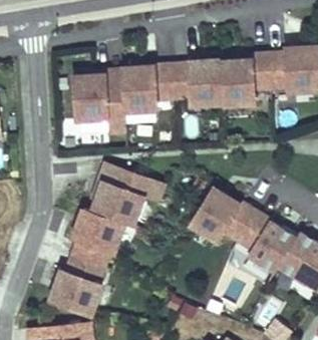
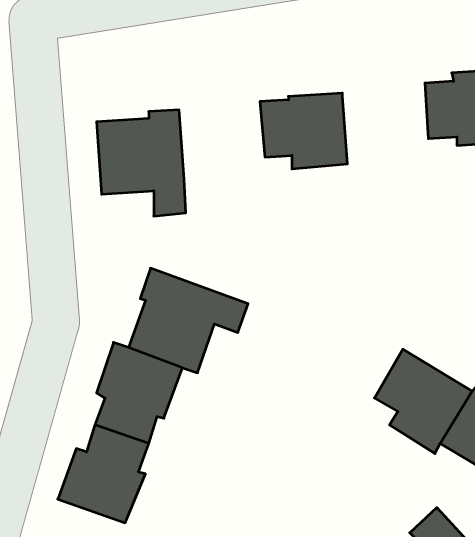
building: [219,52,270,102] -> none
building: [121,63,173,109] -> none
building: [190,187,255,241] -> none

